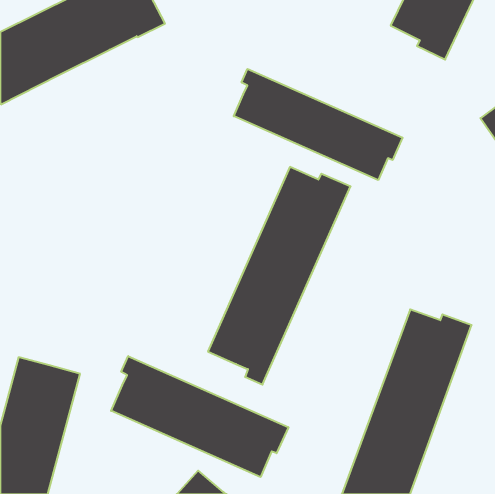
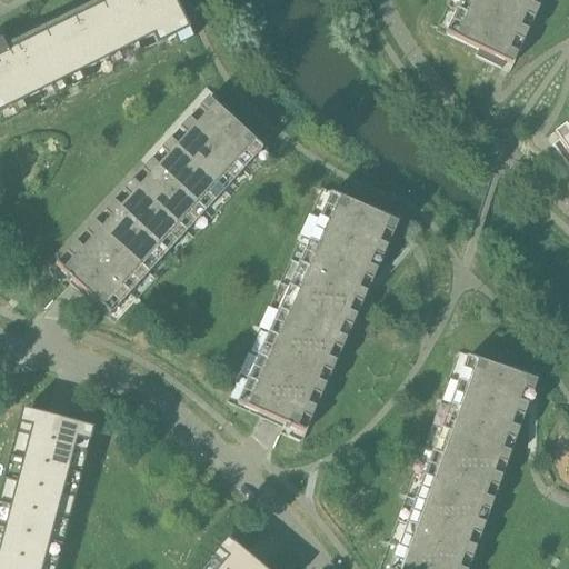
building: [234,69,403,180] -> none
building: none -> [53,90,264,310]
building: [111,356,288,477] -> none

